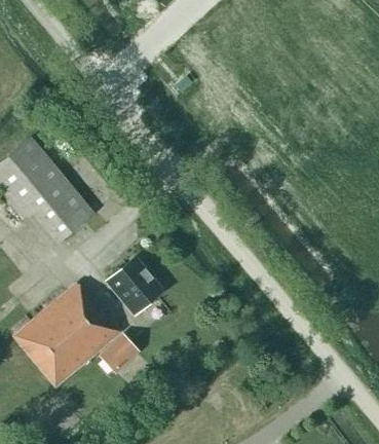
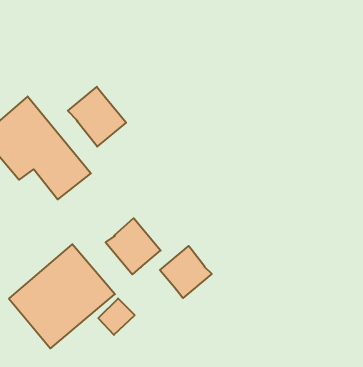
building: none -> [68,87,126,147]
building: none -> [160,246,212,298]

